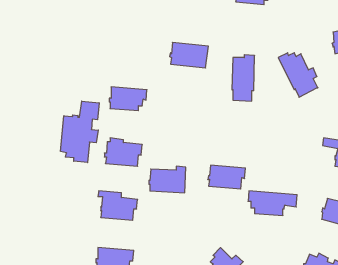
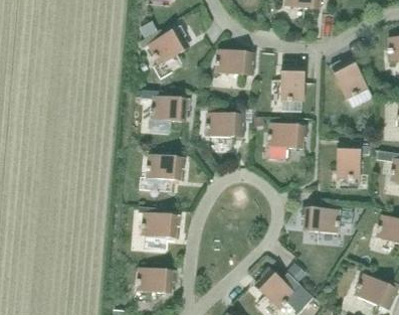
building: none -> [141,25,187,63]
building: [61,101,99,163] -> none
building: none -> [337,140,361,179]
building: [208,165,245,189] -> [267,123,308,148]
building: [149,166,186,193] -> [206,109,245,137]

